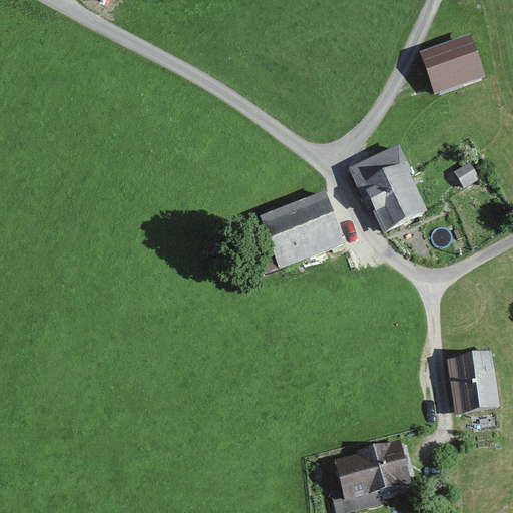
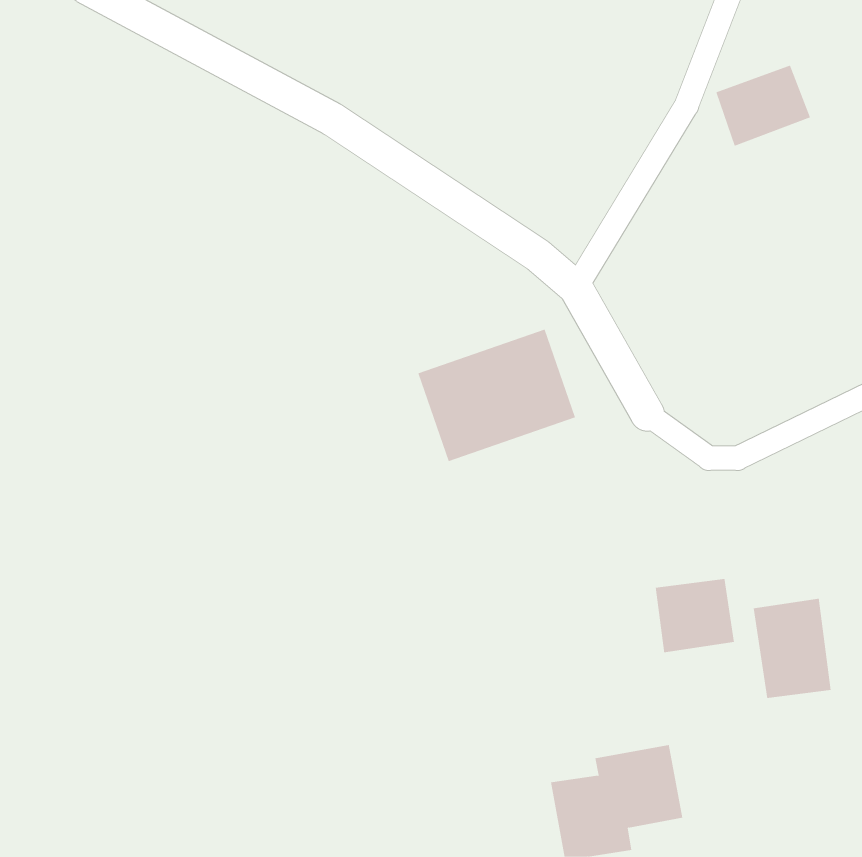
building: [359,146,431,227] -> none
building: none -> [655,578,734,653]

